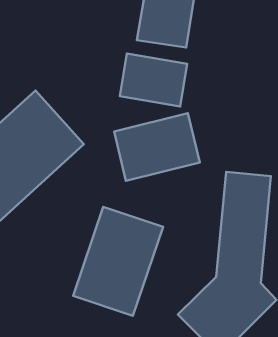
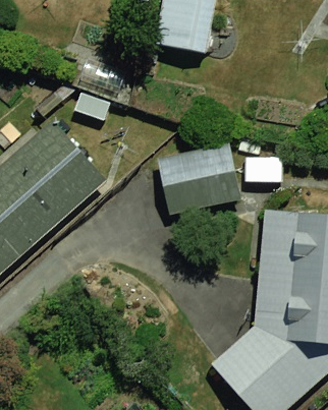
building: [120,53,187,106] -> none
building: [73,207,163,316] -> none

